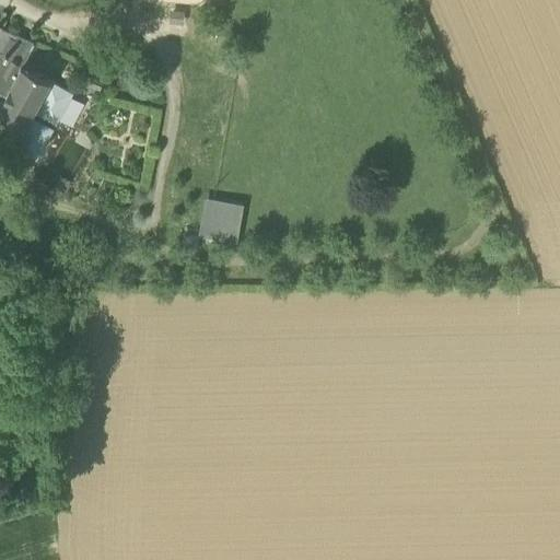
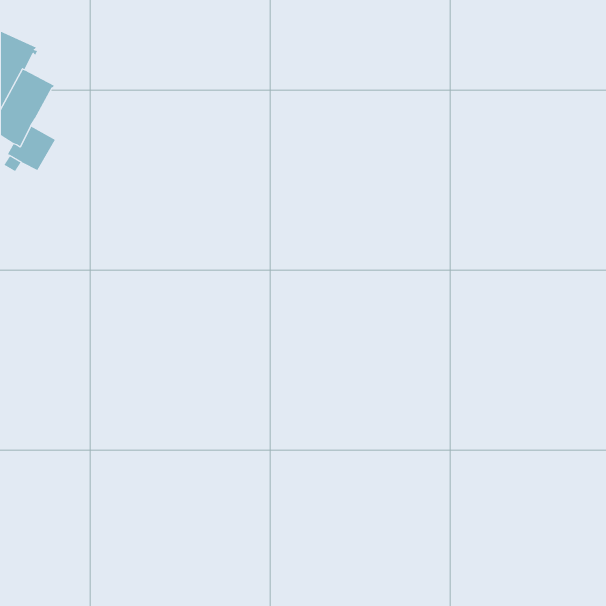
building: [33,81,71,121] -> none
building: [197,197,244,243] -> none

